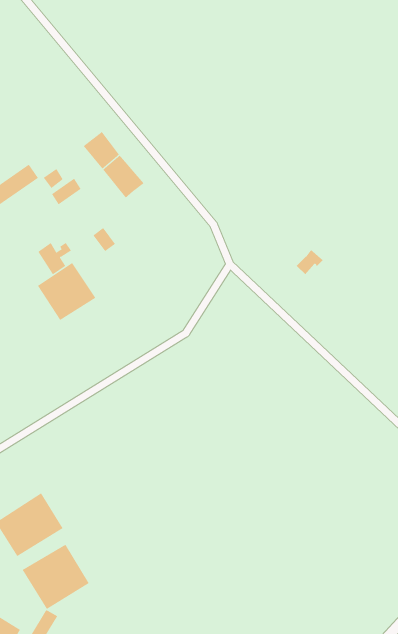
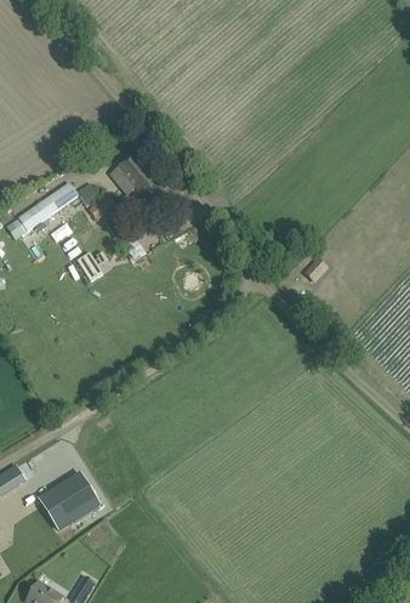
building: [37,262,96,321] -> none
building: [22,544,89,610] -> none

